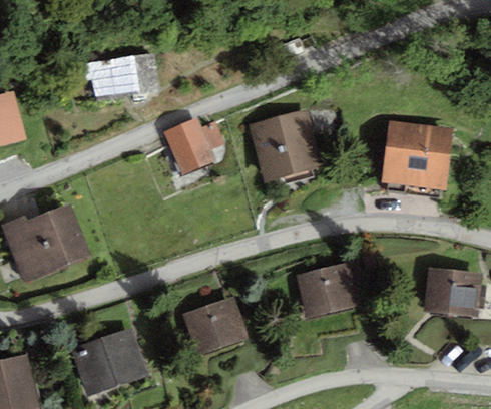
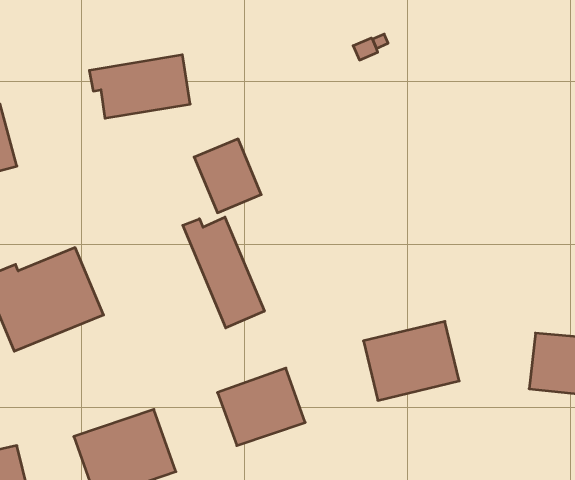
building: [249,106,325,181] -> none
building: [381,120,453,189] -> none
building: none -> [183,217,264,328]

